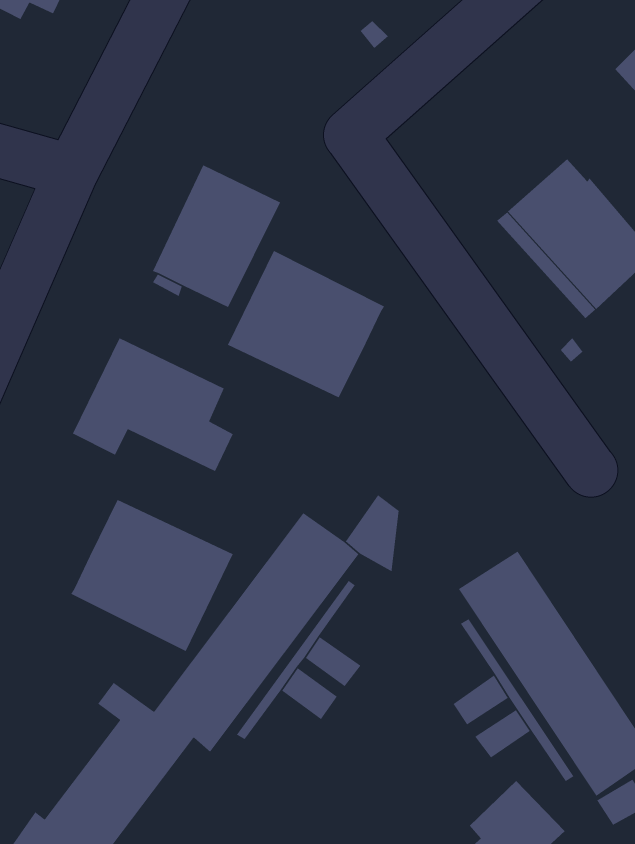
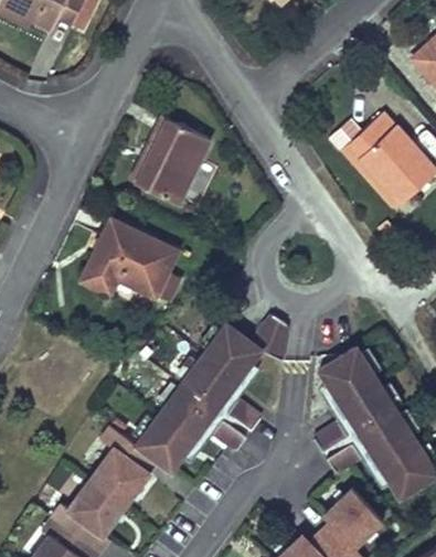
building: [227,250,385,398] -> none
building: [70,499,234,652] -> none

